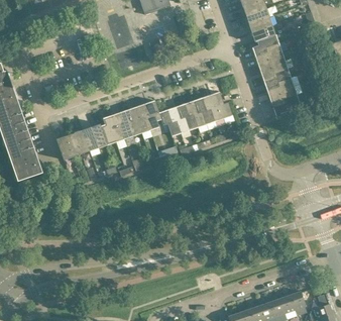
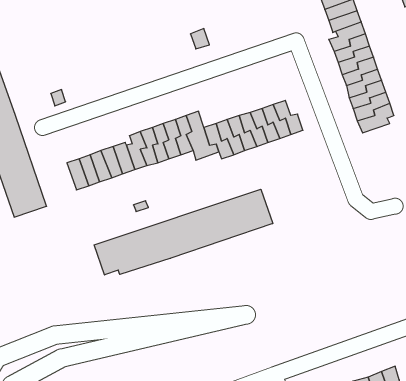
building: none -> [94,189,273,275]

